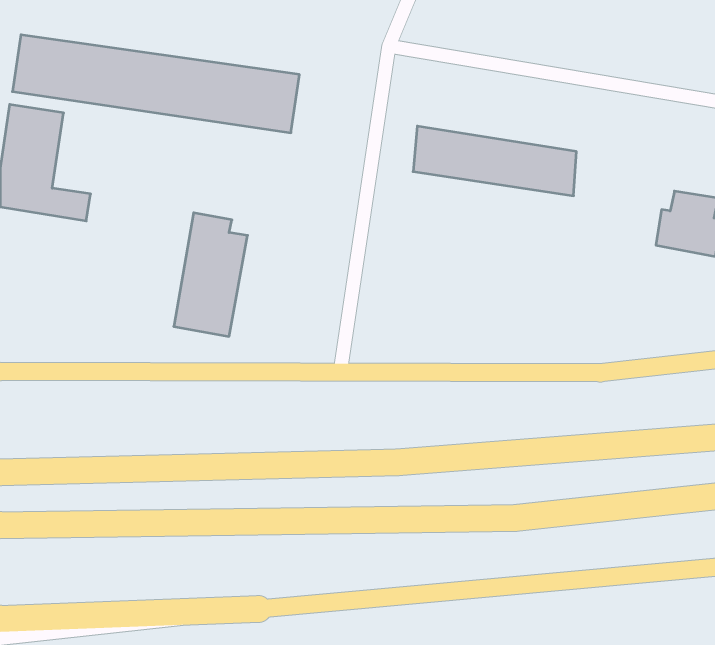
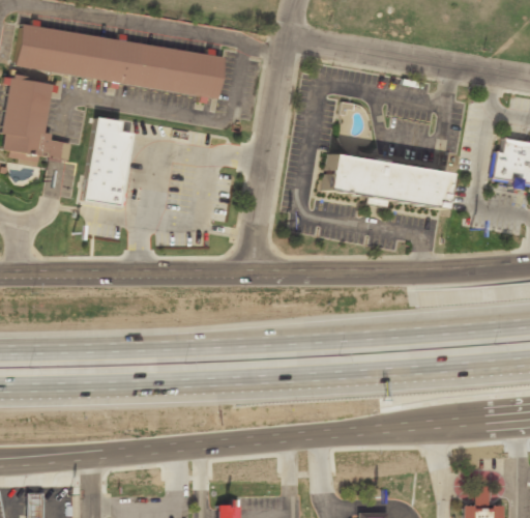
building: [413,126,576,196] -> [325,156,444,207]
building: [174,213,248,336] -> [83,115,137,205]

